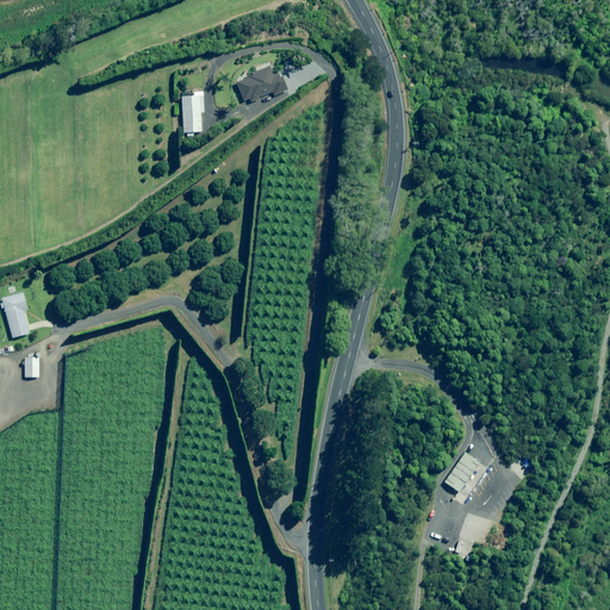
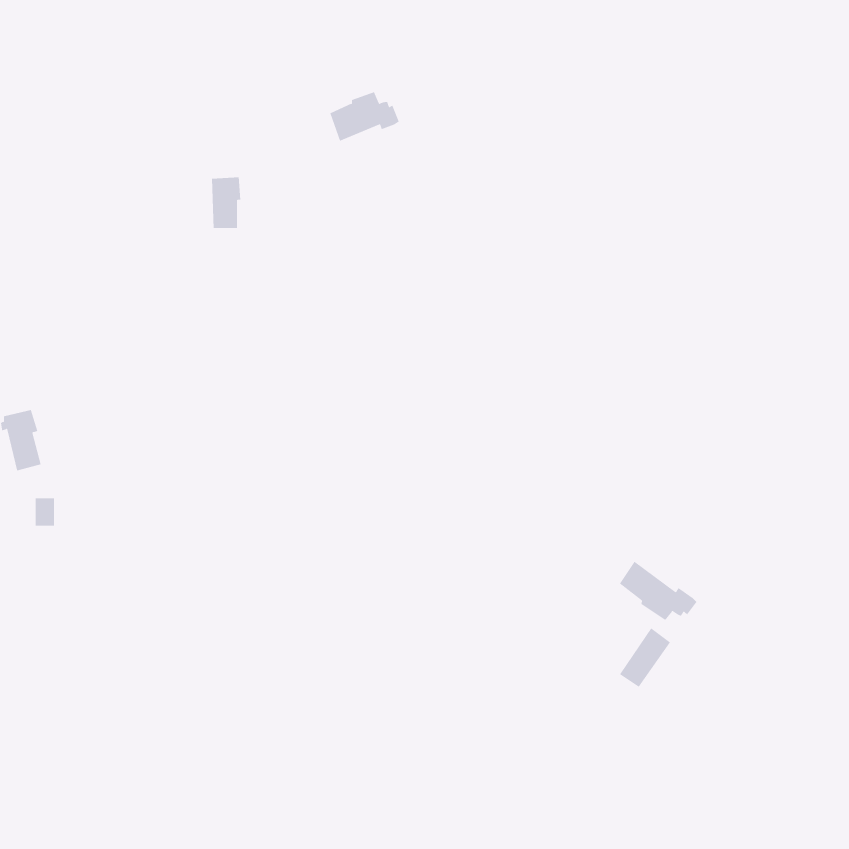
building: [182,94,204,131] -> [211,177,241,228]
building: none -> [619,561,697,621]

